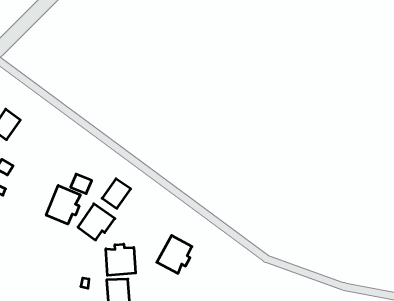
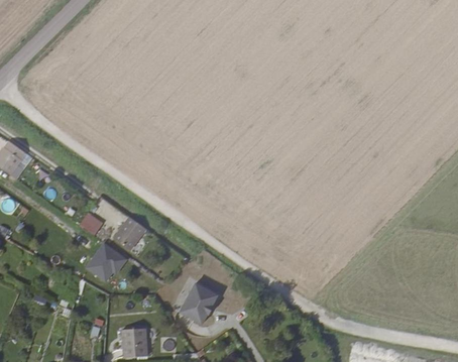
building: [46,185,80,224] -> none
building: [106,244,136,275] -> none

